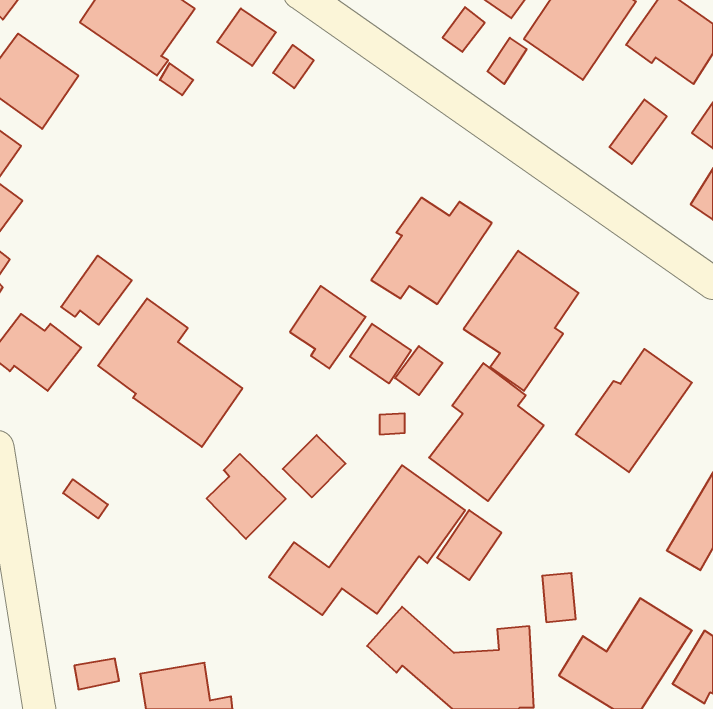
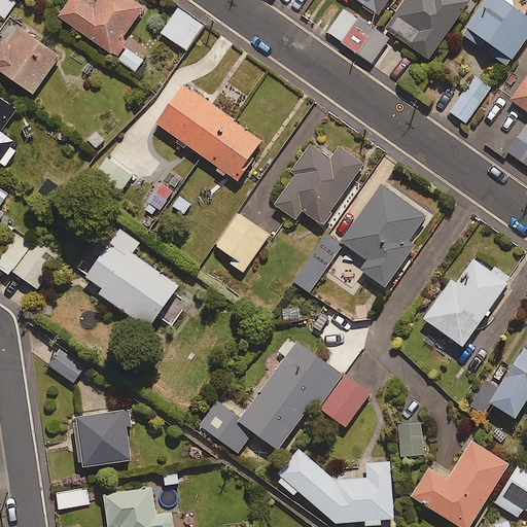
building: none -> [156,84,261,179]
building: [61,256,132,325] -> none
building: [350,324,411,383] -> none
building: [429,363,544,501] -> none
building: [283,435,346,497] -> none
building: [207,454,286,539] -> none
building: none -> [76,409,130,467]

